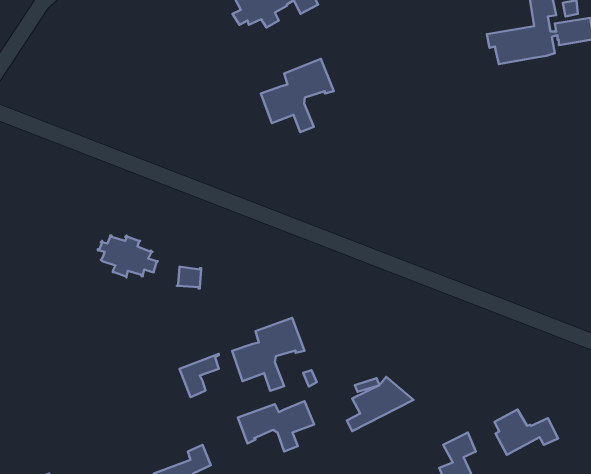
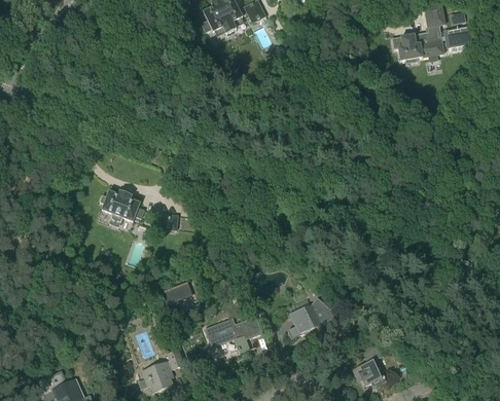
building: [261,59,334,132] -> none
building: [232,318,305,391] -> none
building: [495,409,558,455] -> none

